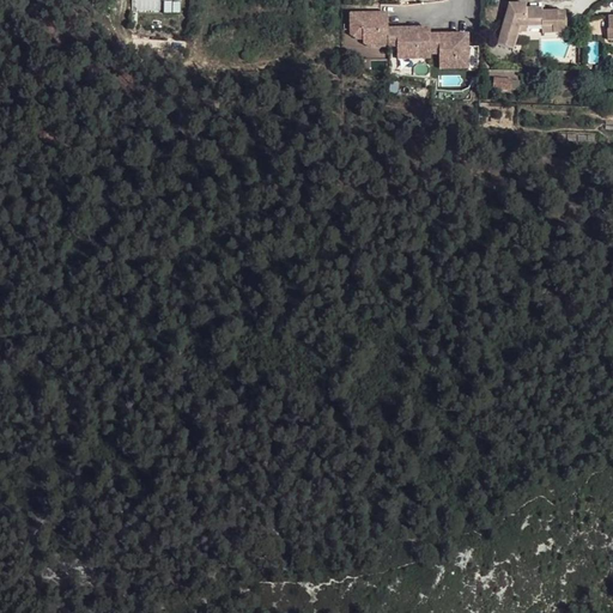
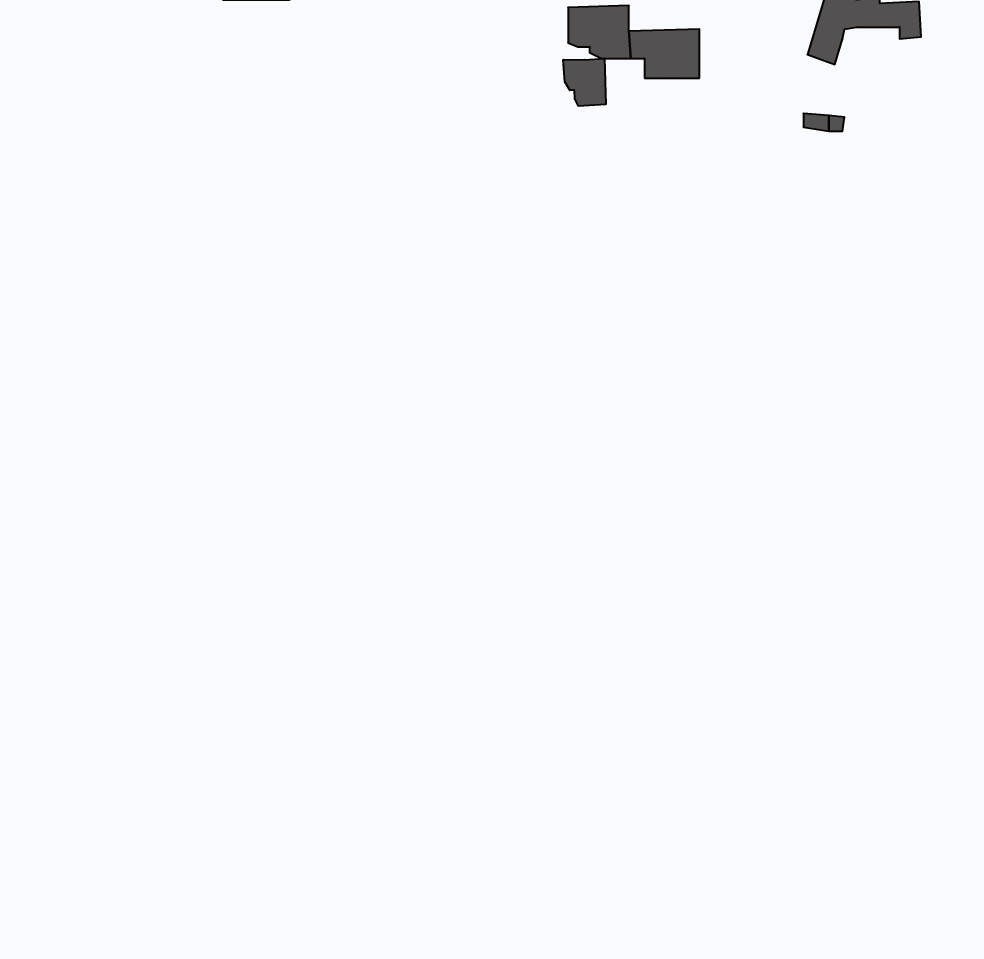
building: [430,32,467,65] -> none
building: none -> [563,58,606,106]

